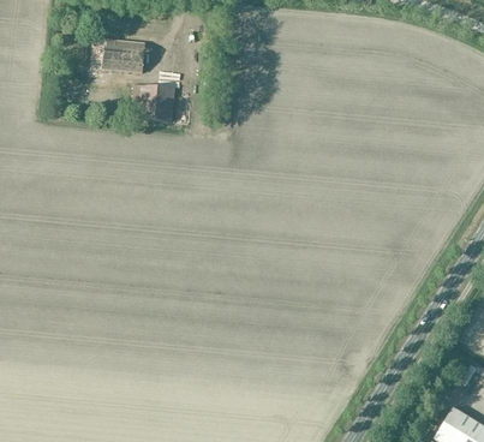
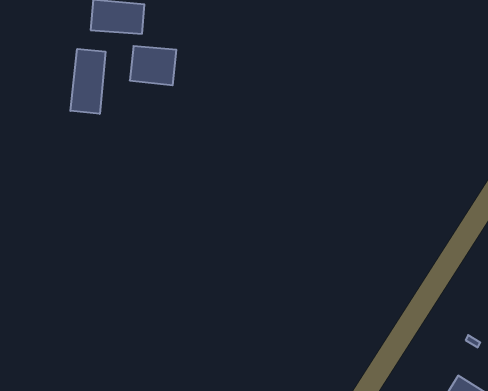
building: none -> [70,49,105,114]

